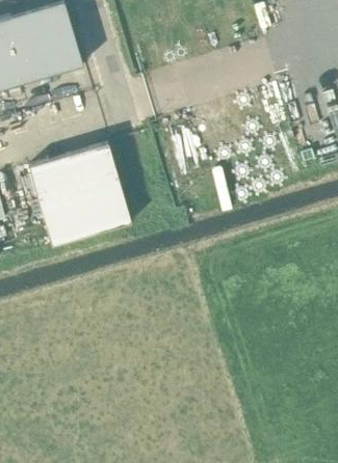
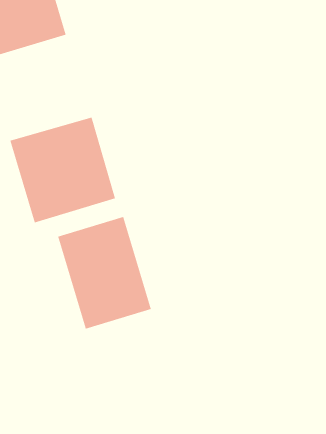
building: none -> [58,216,151,329]

